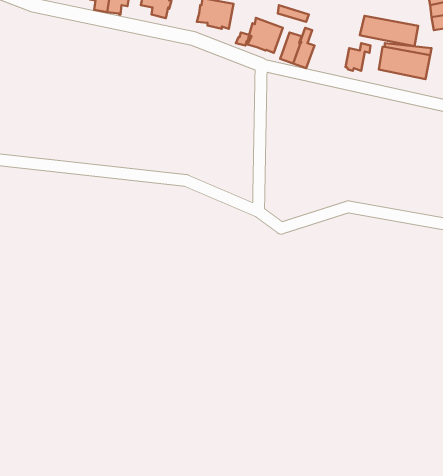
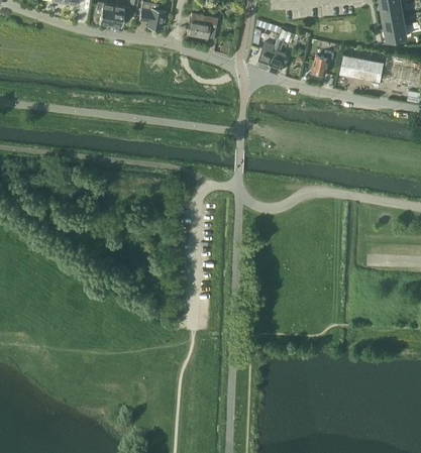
building: [360,16,418,46] -> none
building: [247,18,283,53] -> none

